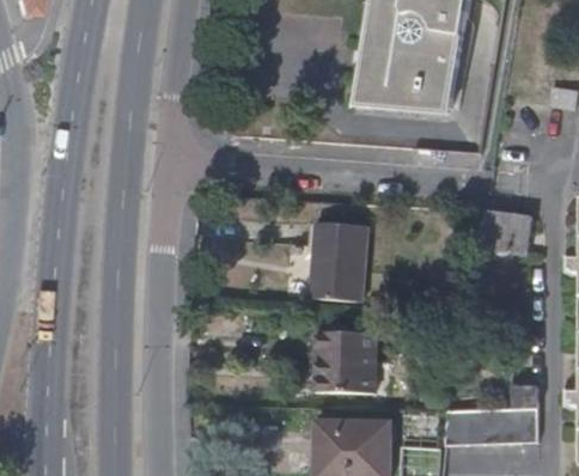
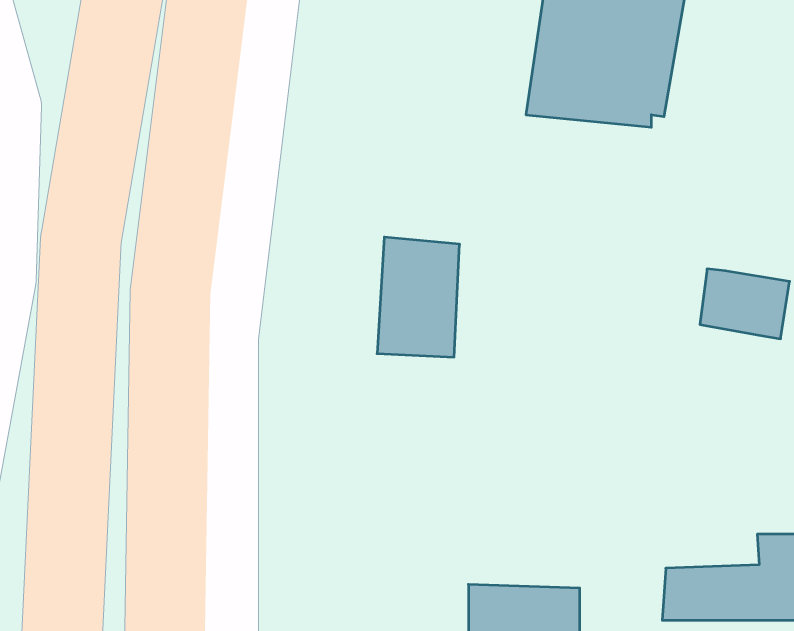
building: [312,220,367,300] -> [377,237,460,357]
building: [316,331,377,393] -> none

